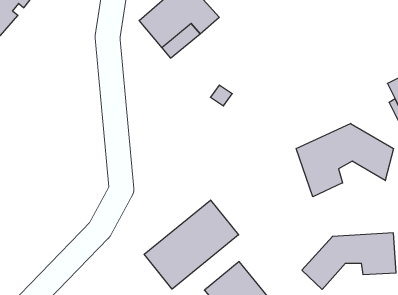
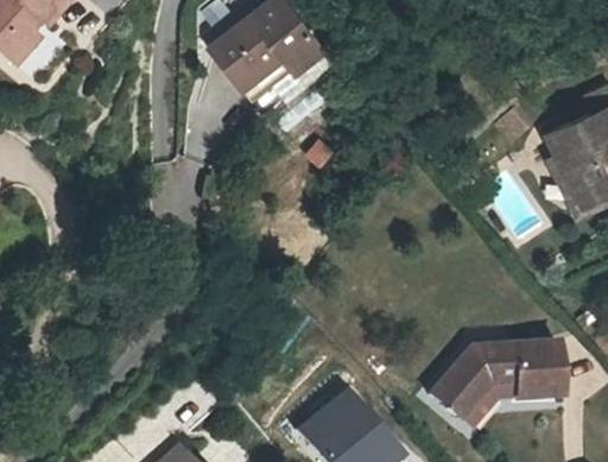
building: [296,123,393,197] -> none
building: [144,200,239,289] -> none

